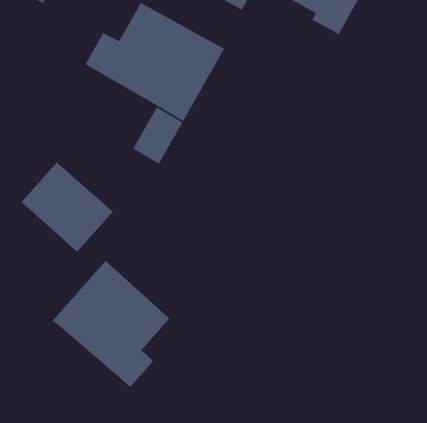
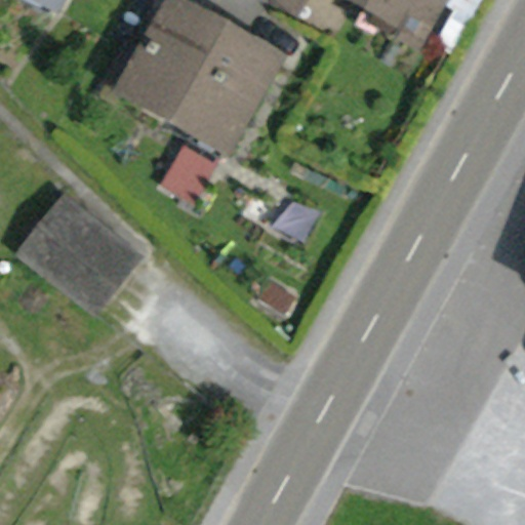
building: [52,260,170,388] -> none

